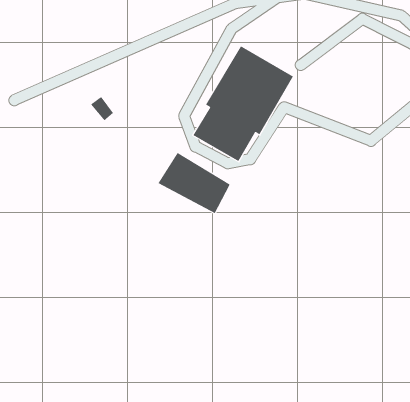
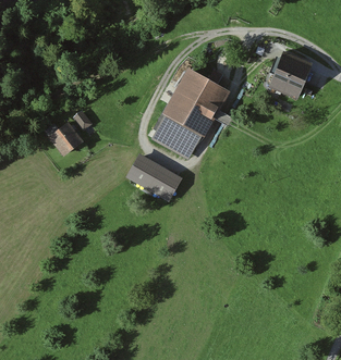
building: none -> [268,58,312,101]
building: none -> [45,116,81,153]

